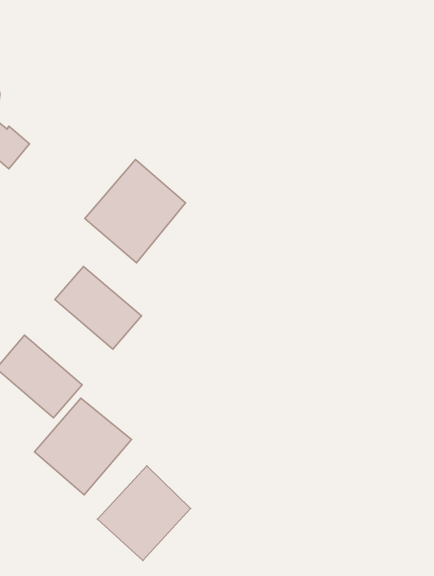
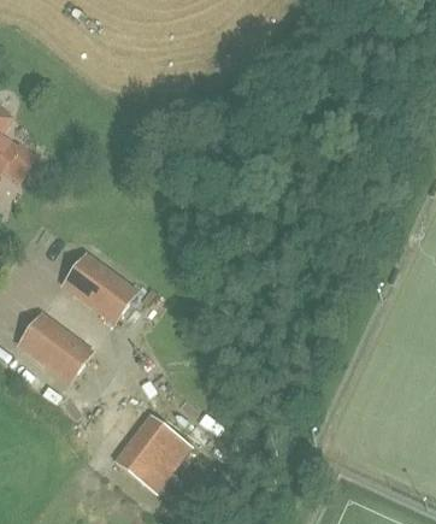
building: [85,160,186,263] -> none
building: [35,398,132,495] -> none

